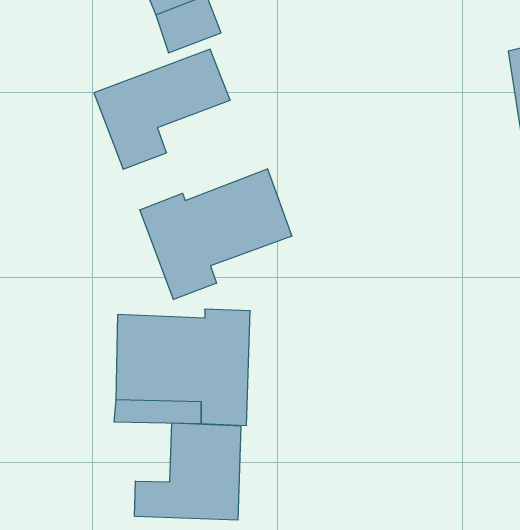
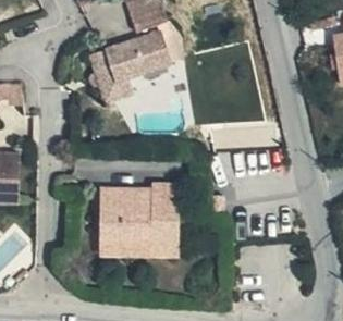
building: [140,169,292,300] -> none
building: [135,423,241,520] -> none

